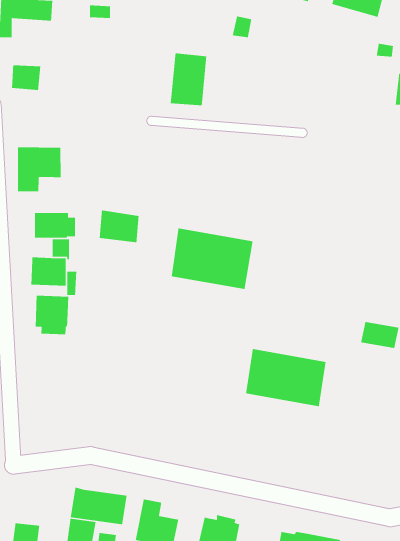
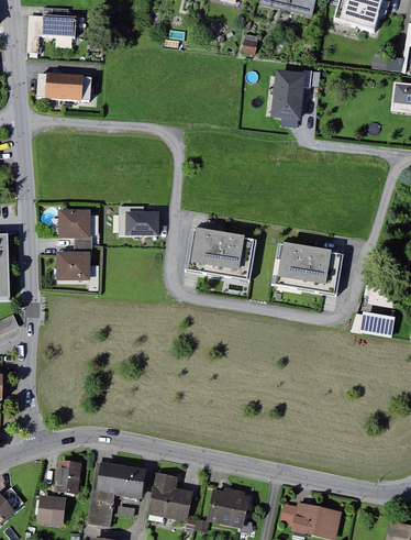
building: [170,52,207,106] -> [271,69,306,119]
building: none -> [63,76,91,100]
building: [17,147,61,192] -> none
building: [35,295,69,335] -> none
building: [245,348,327,407] -> [271,241,346,295]
building: none -> [54,460,78,492]

